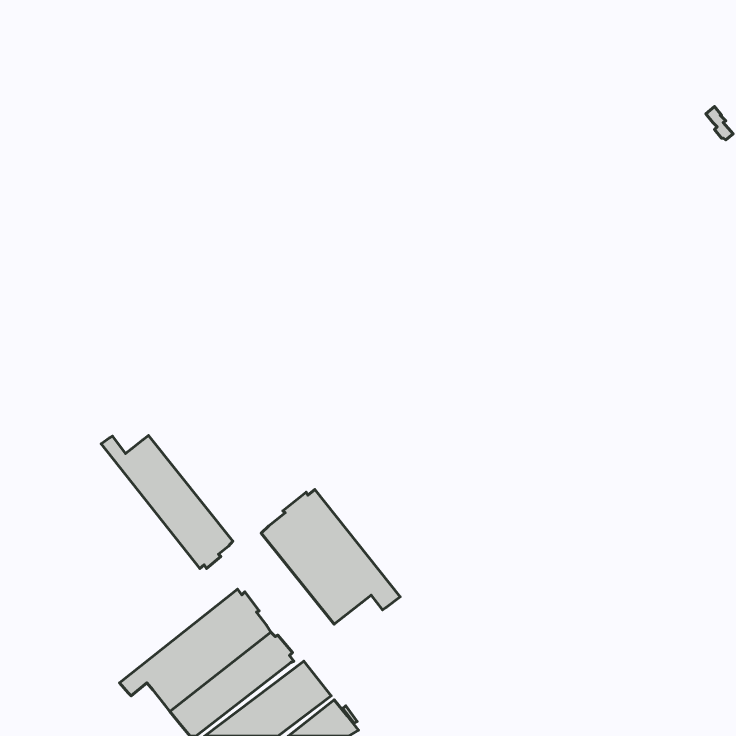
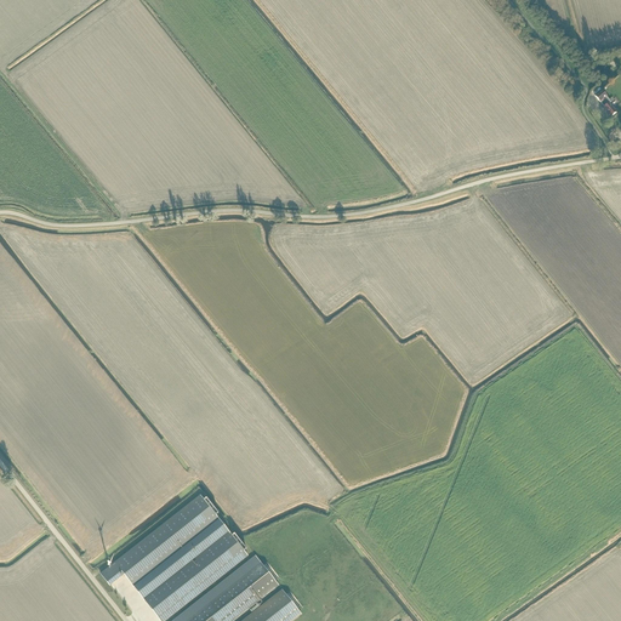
building: [101,435,233,569] -> none
building: [261,490,400,624] -> none

